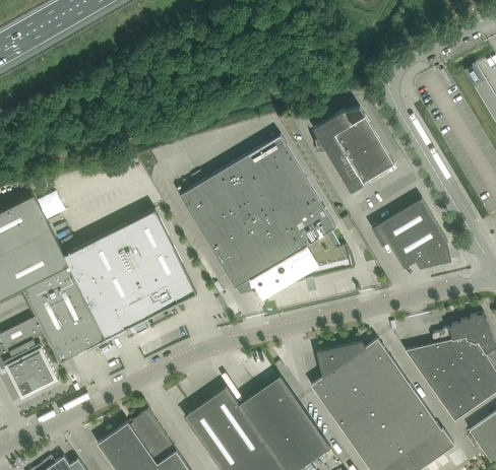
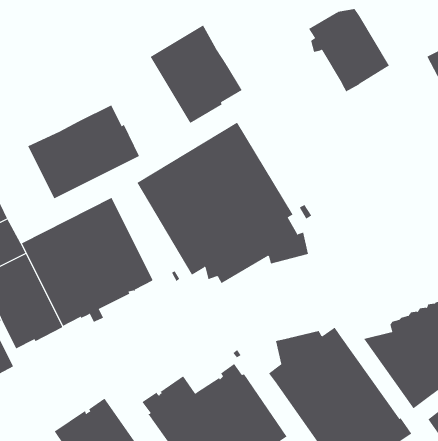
building: none -> [150,24,242,123]
building: [313,109,394,192] -> [308,9,390,92]
building: none -> [28,105,140,199]
building: [372,199,451,269] -> none

